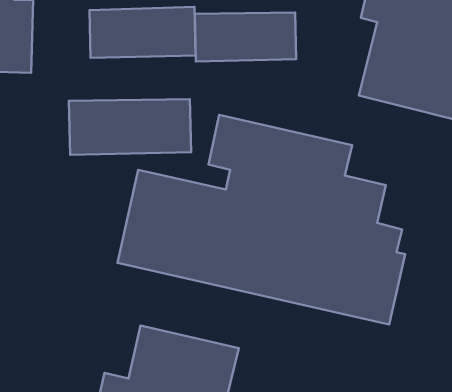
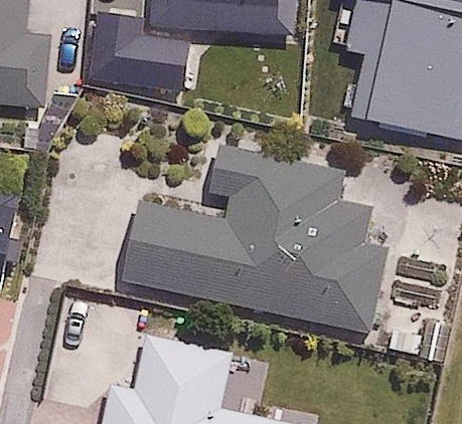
building: [195,13,296,62] -> none
building: [69,99,191,155] -> none

